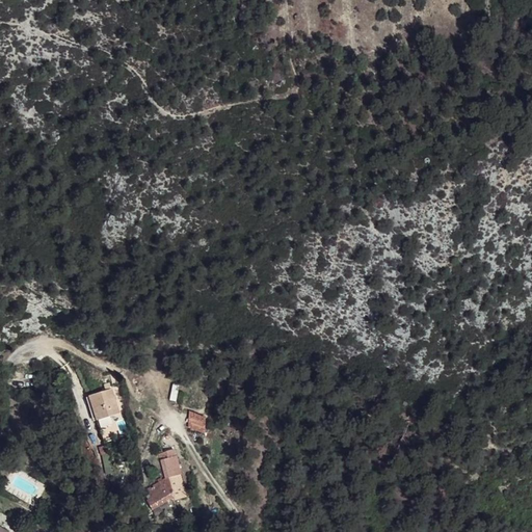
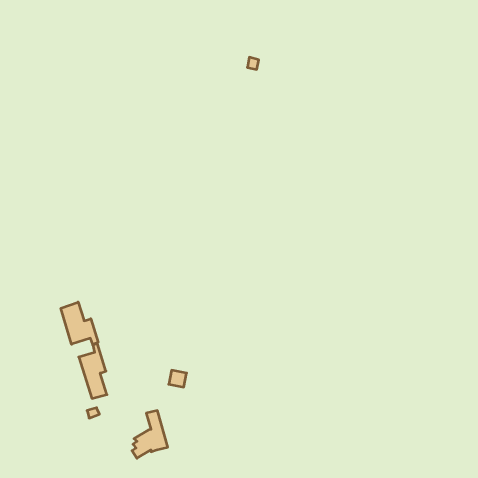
building: none -> [61,302,98,344]

